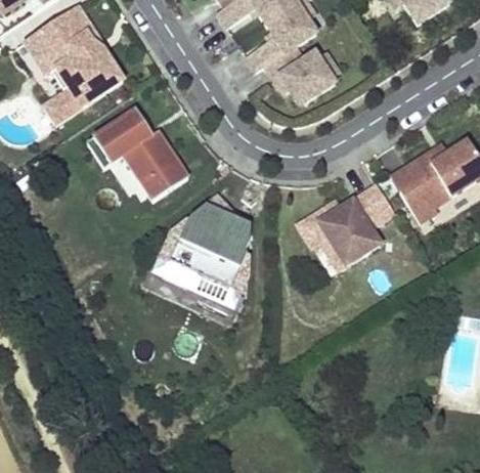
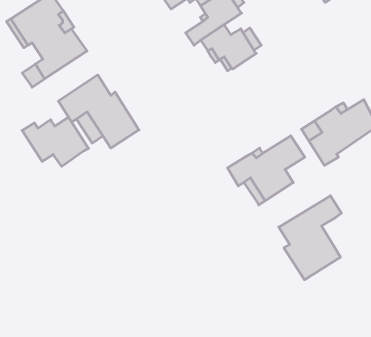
building: none -> [22,117,89,166]
building: [149,203,262,310] -> none
building: none -> [279,196,341,280]

